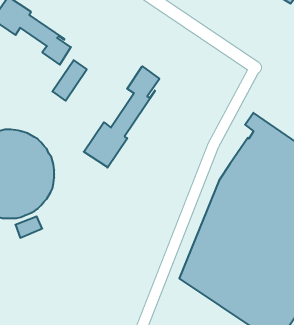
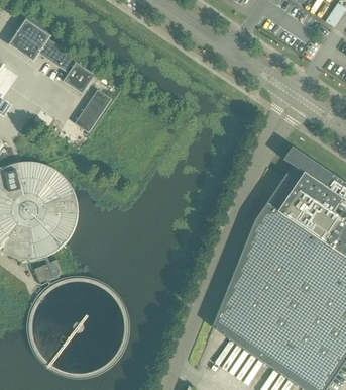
building: [84,66,159,168] -> none

